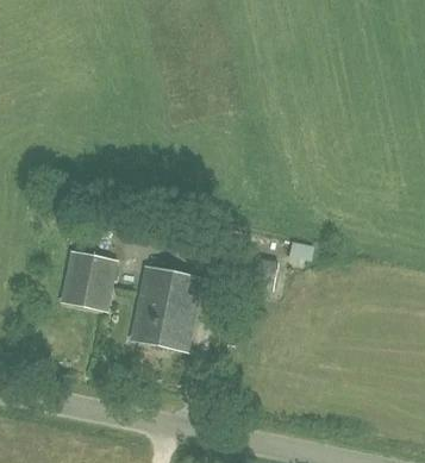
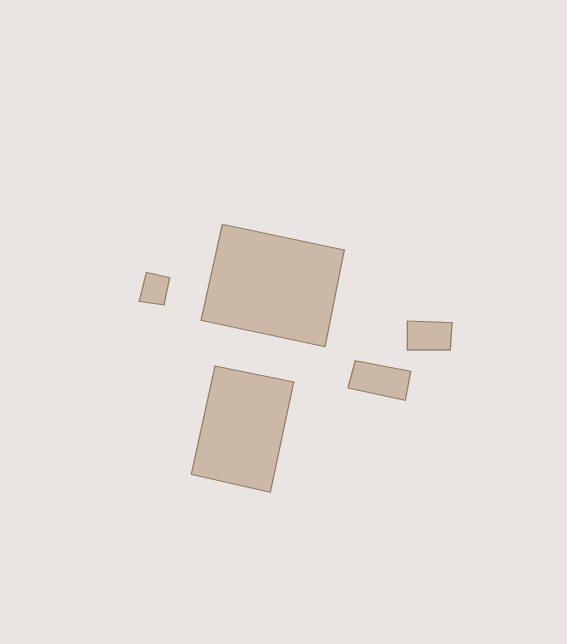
building: none -> [201,224,344,347]
building: [63,251,115,308] -> none

